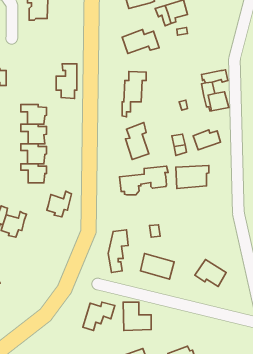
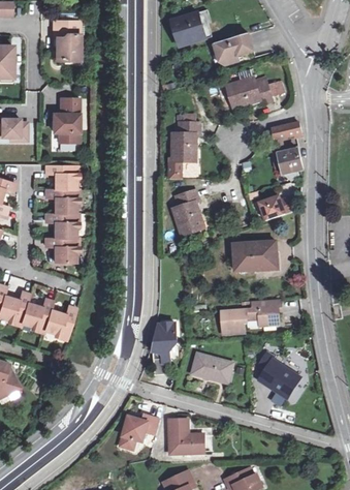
building: [122,30,159,54] -> [226,78,273,108]
building: [56,64,77,98] -> [51,98,76,142]
building: [119,166,168,195] -> [221,298,282,334]
building: [47,191,72,217] -> [42,306,73,338]

